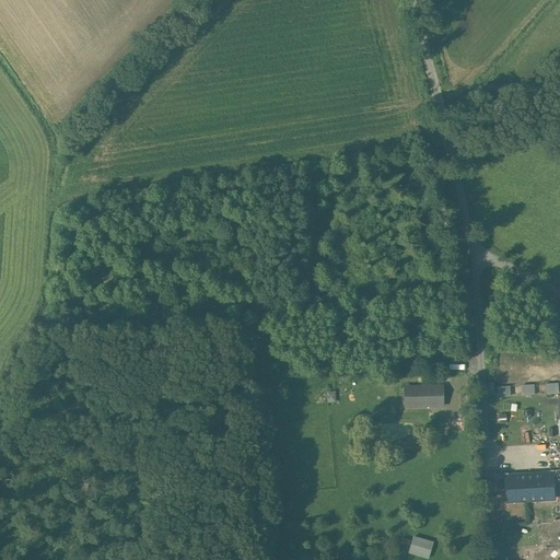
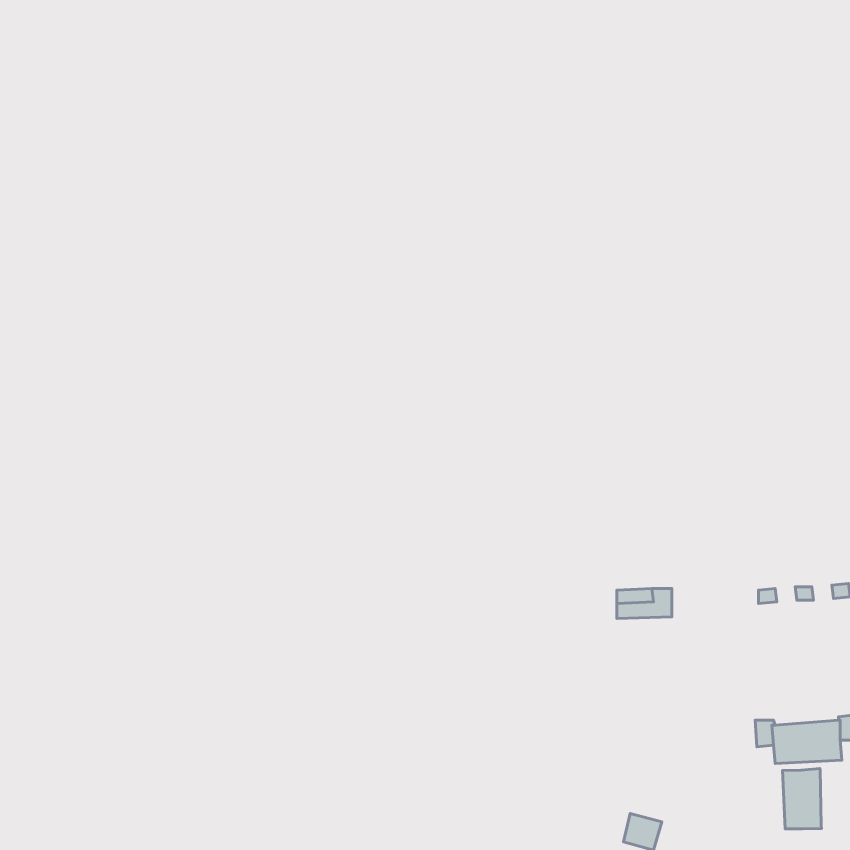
building: none -> [782,768,821,829]

